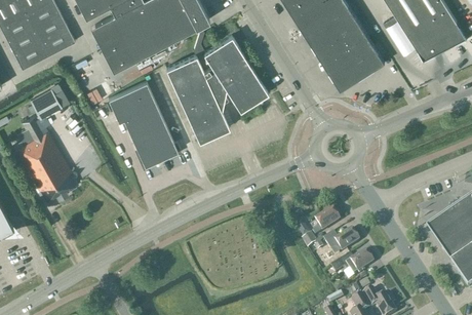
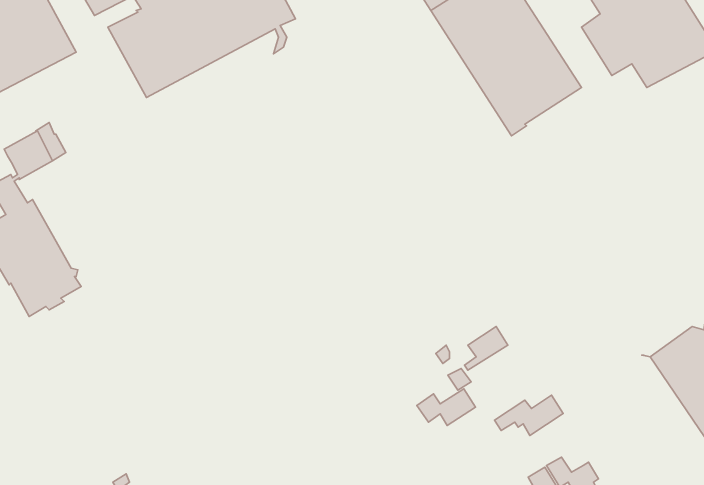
building: [166,35,268,141] -> none
building: [109,80,175,163] -> none
building: [323,229,359,251] -> [417,389,475,426]

